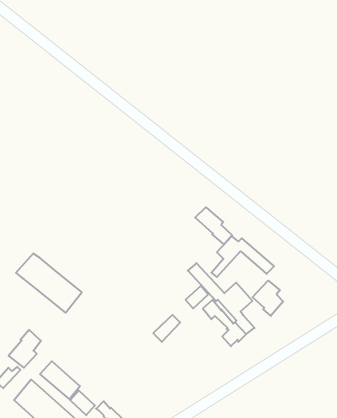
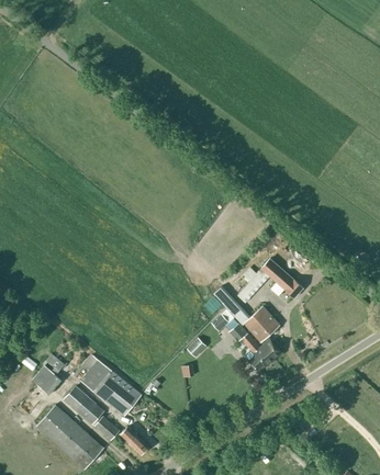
building: [195,207,232,245] -> none
building: [16,253,82,313] -> [74,355,141,416]
building: [253,281,283,316] -> none

